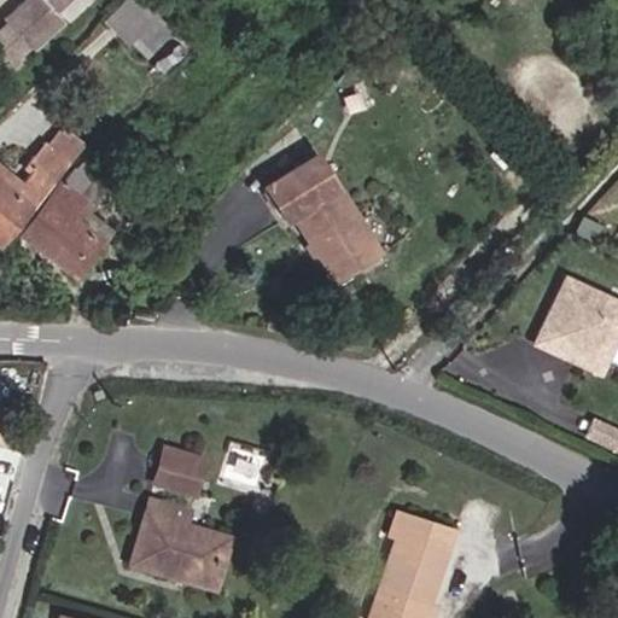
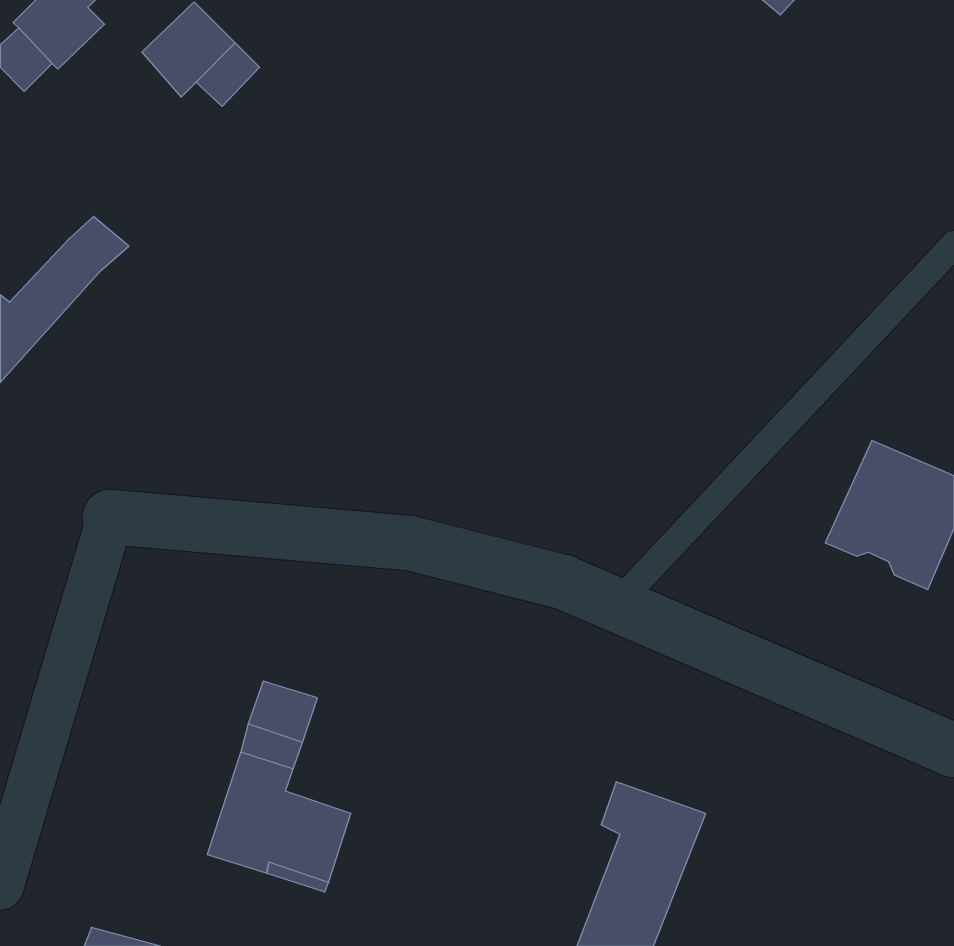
building: [263,157,379,282] -> none
building: [23,161,115,276] -> none

